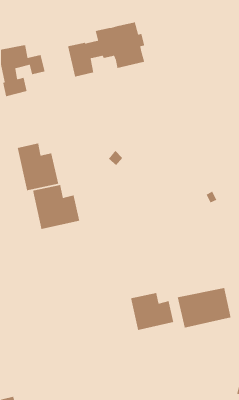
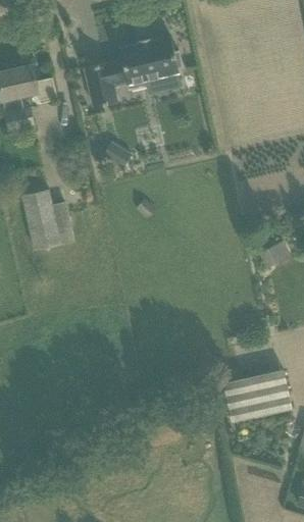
building: [32,184,80,230] -> none
building: [130,292,174,331] -> none

